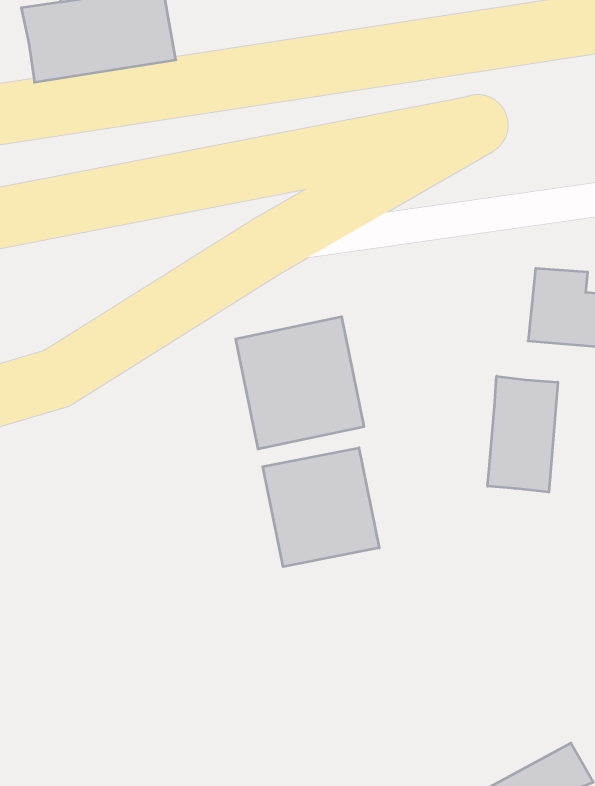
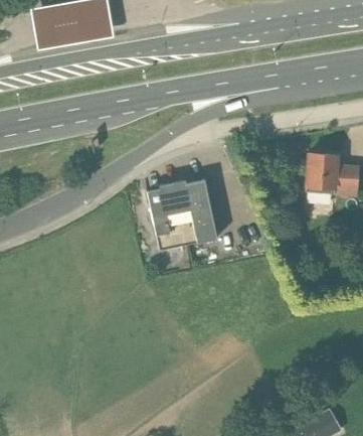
building: [488,376,558,492] -> none
building: [263,448,379,567] -> none

